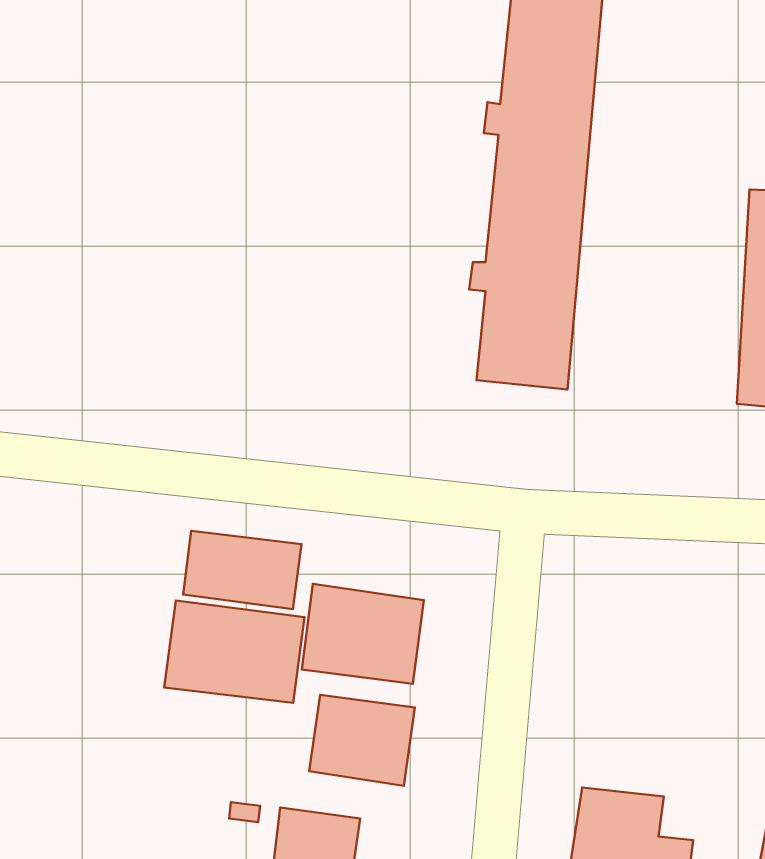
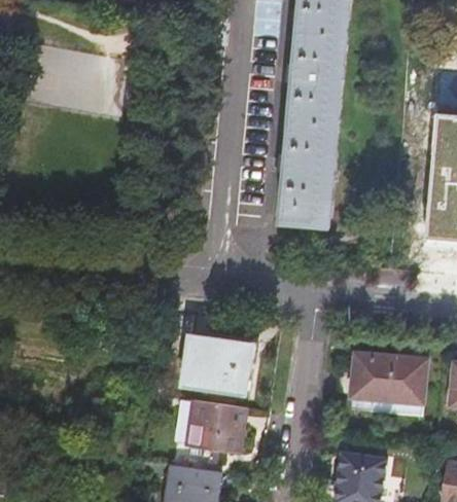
building: [183,531,302,609] -> none
building: [164,600,305,703] -> none
building: none -> [349,354,424,403]

